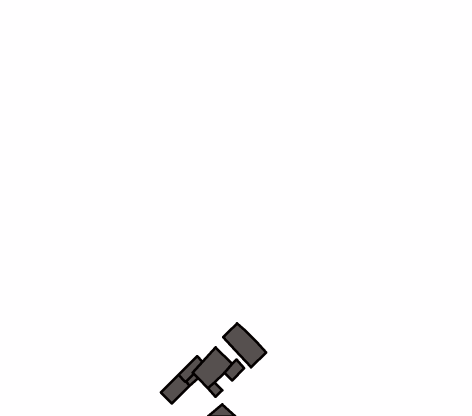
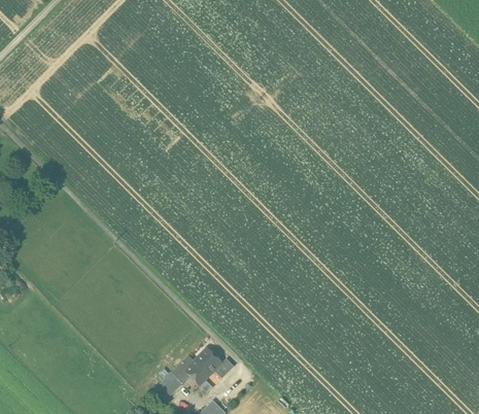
building: [223,323,266,367] -> none

